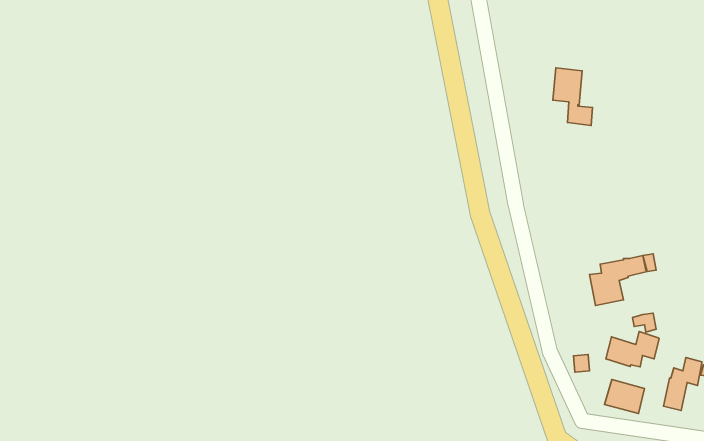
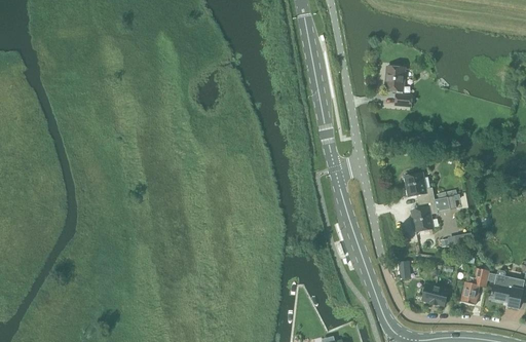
building: none -> [404,172,434,202]
building: [606,331,659,367] -> none

